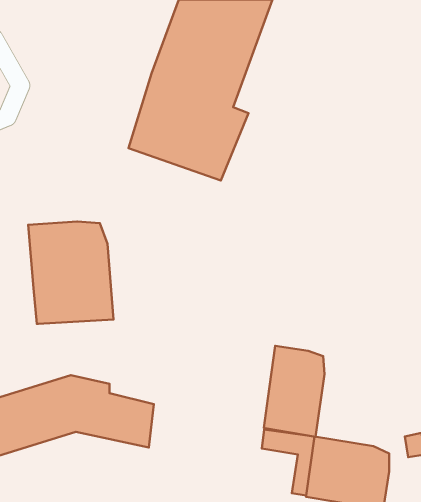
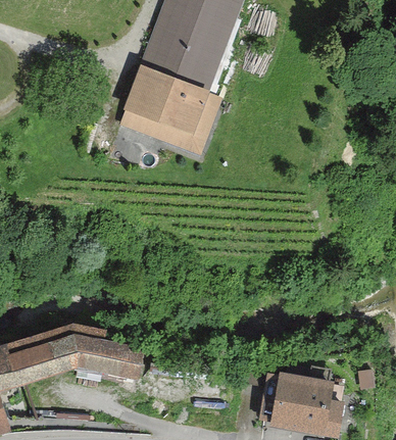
building: [28,221,113,324] -> none
building: [264,346,324,437] -> none

